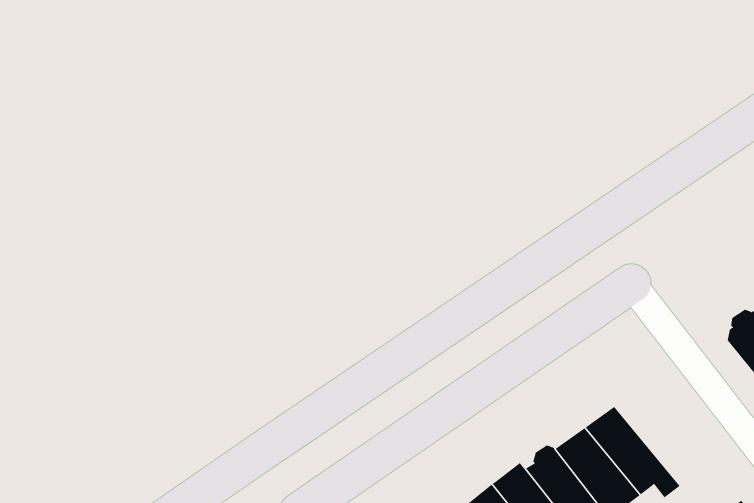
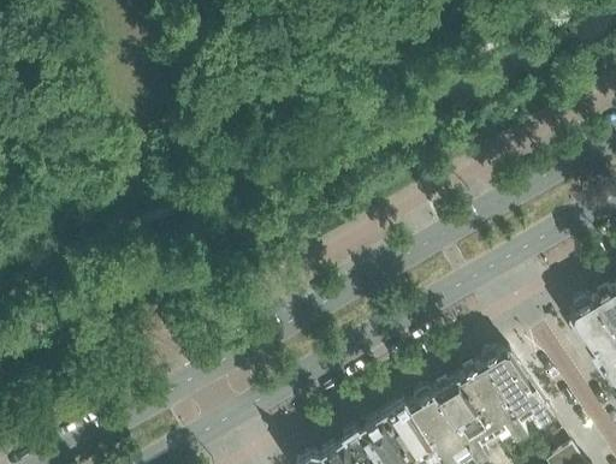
building: none -> [481,353,553,423]

